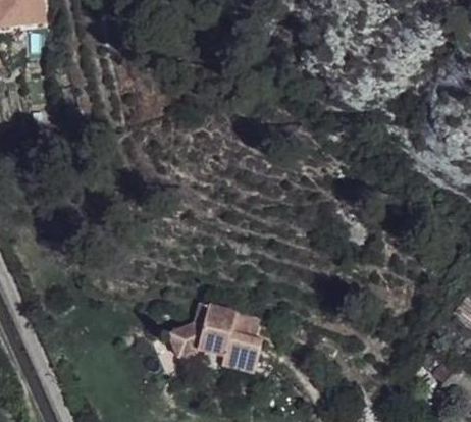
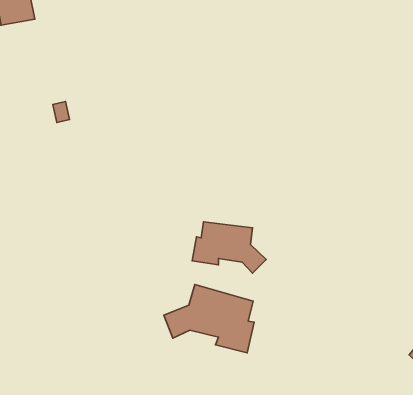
building: none -> [192,222,266,273]

